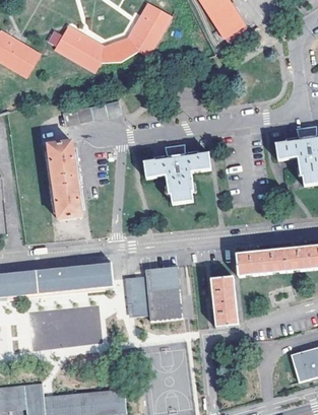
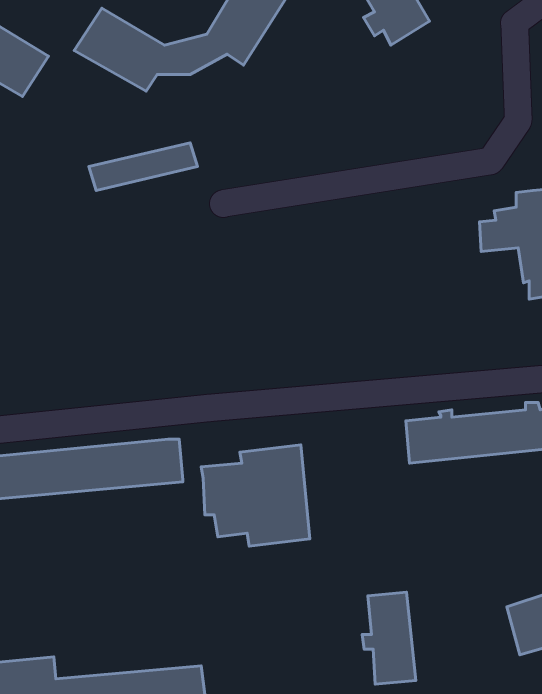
building: [48,142,81,219] -> none
building: [143,143,211,204] -> none
building: [208,276,238,327] -> [362,592,416,684]
building: [30,304,102,347] -> none

